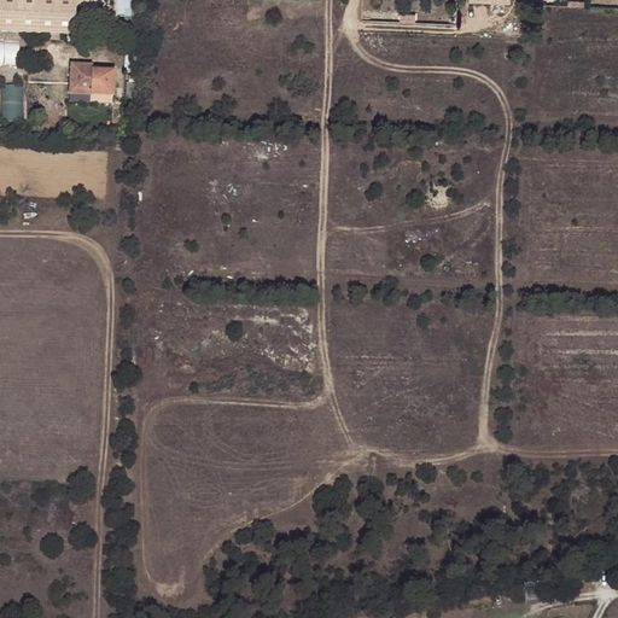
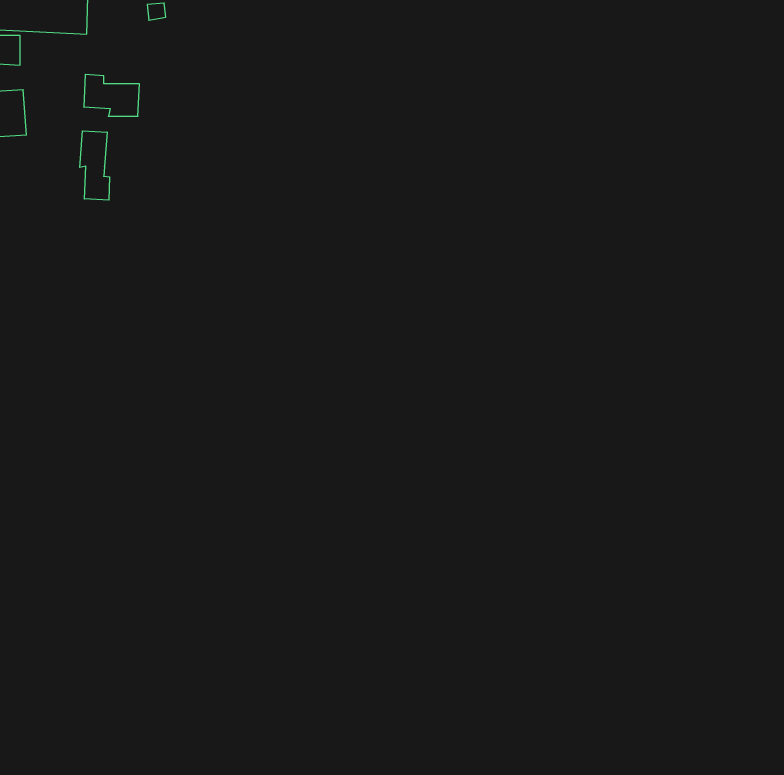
building: none -> [80,131,110,200]

